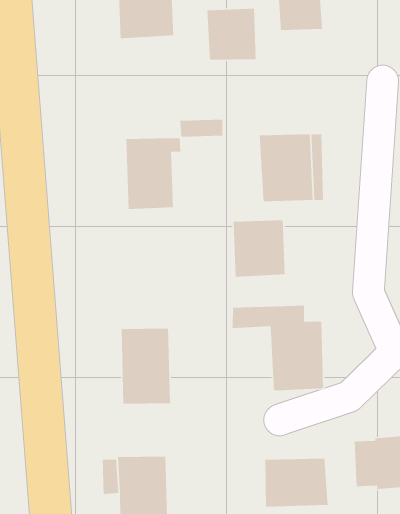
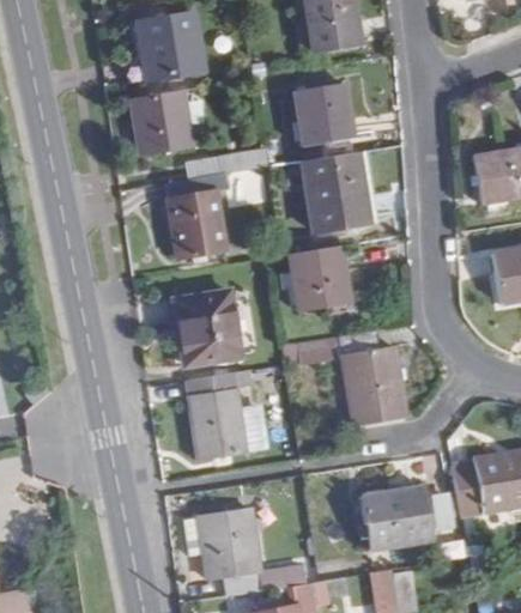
building: [207,8,256,61] -> [295,83,353,144]
building: none -> [131,90,192,154]
building: none -> [174,292,241,364]

